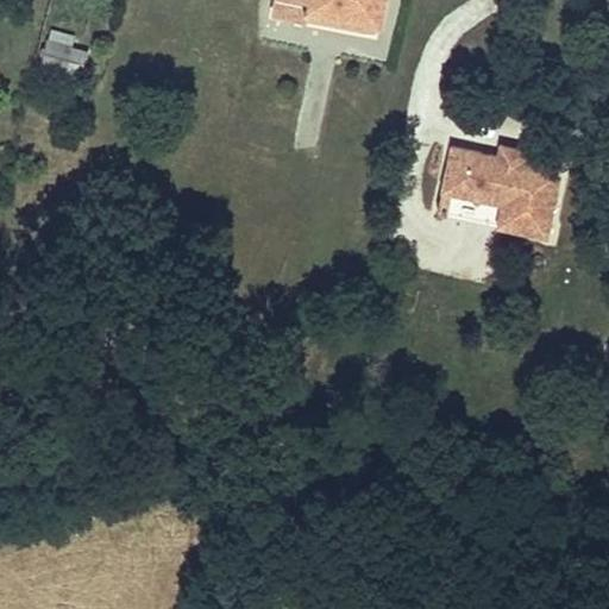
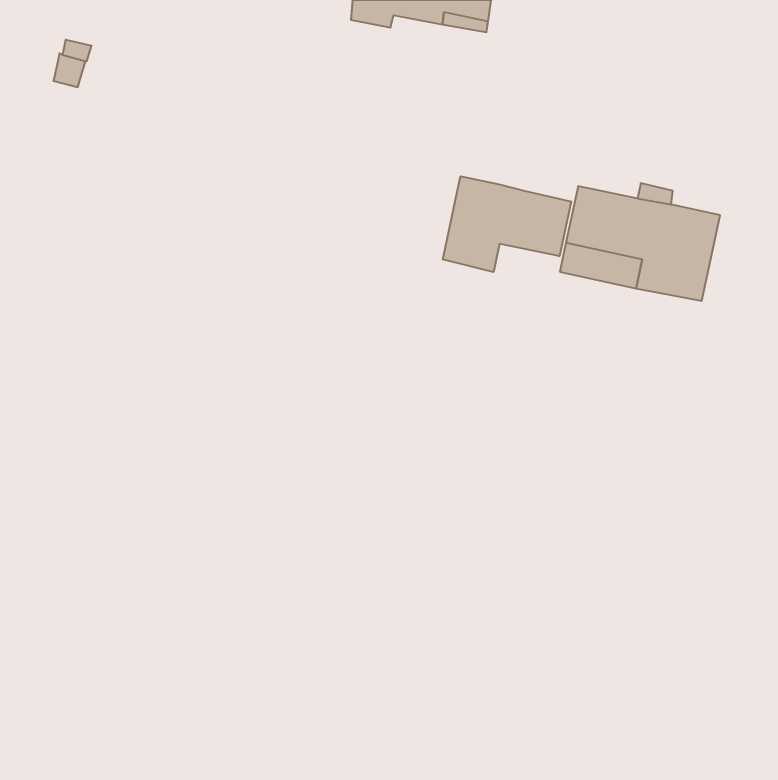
building: none -> [443,176,571,272]

